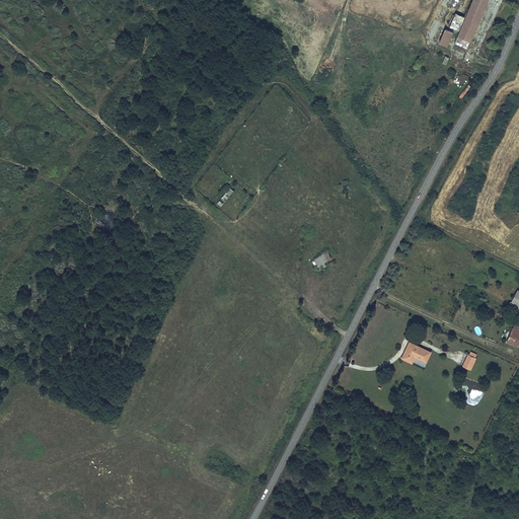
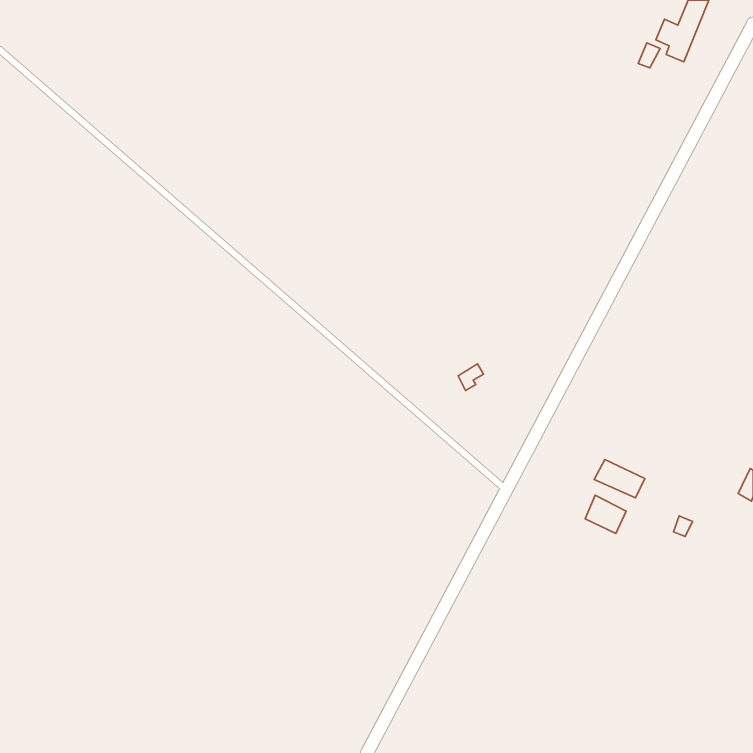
building: none -> [594,459,645,498]

